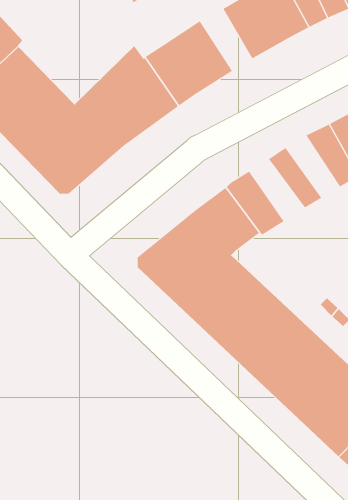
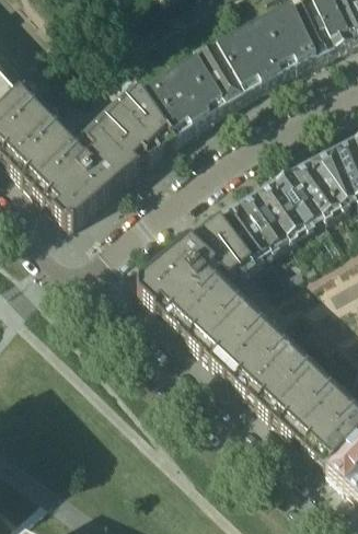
building: none -> [192,47,242,105]
building: none -> [274,165,324,223]
building: none -> [240,187,291,245]

